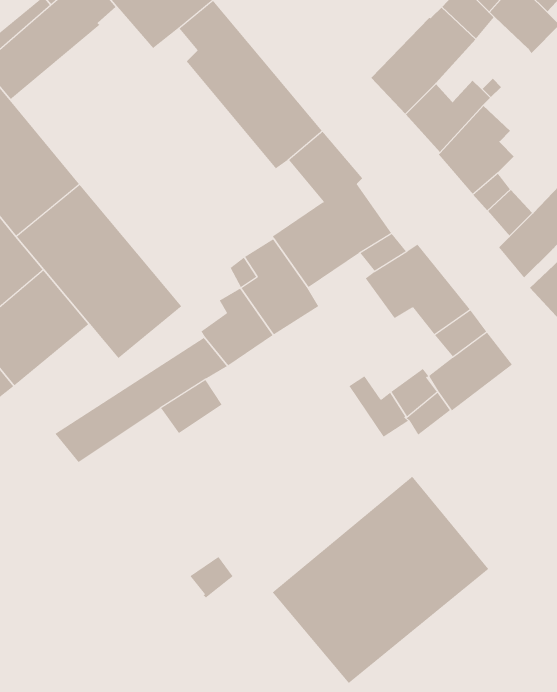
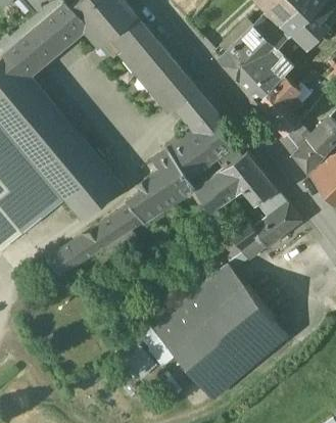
building: none -> [192,173,236,214]
building: none -> [147,265,246,348]

